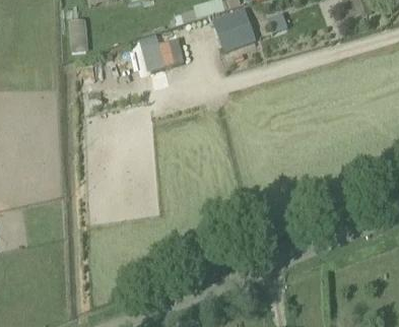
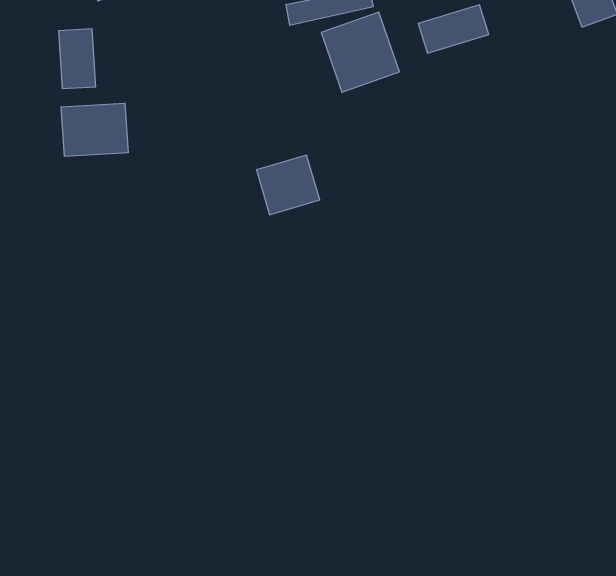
building: [142,39,177,71] -> [256,155,320,215]
building: none -> [61,103,128,156]

